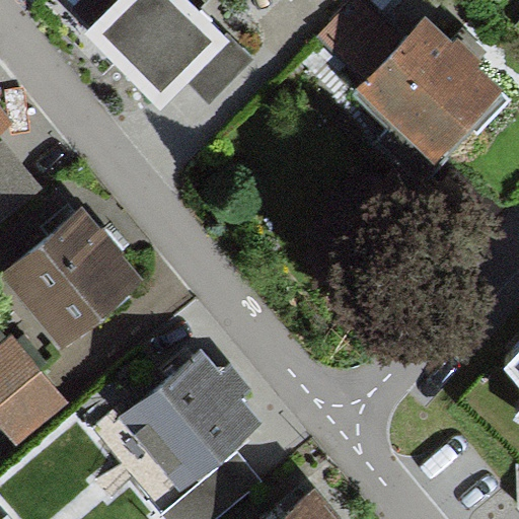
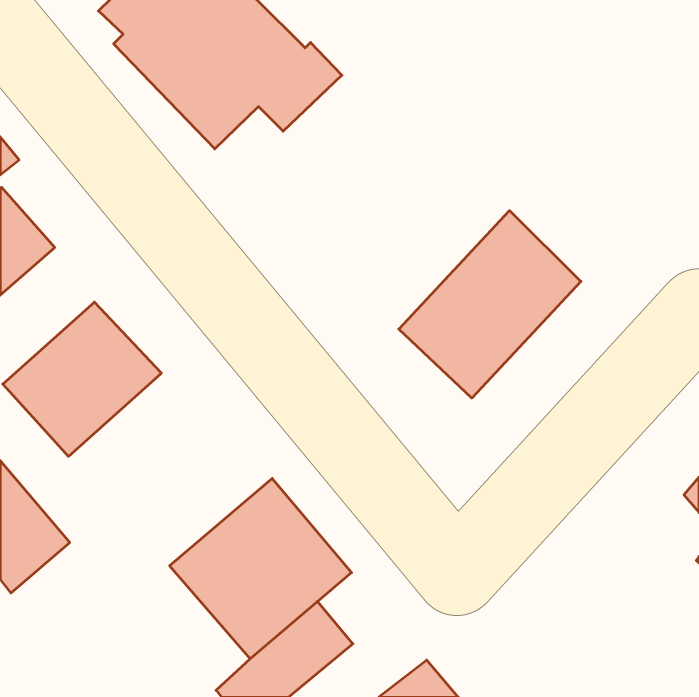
building: [318,5,506,164] -> none
building: none -> [399,211,581,398]

